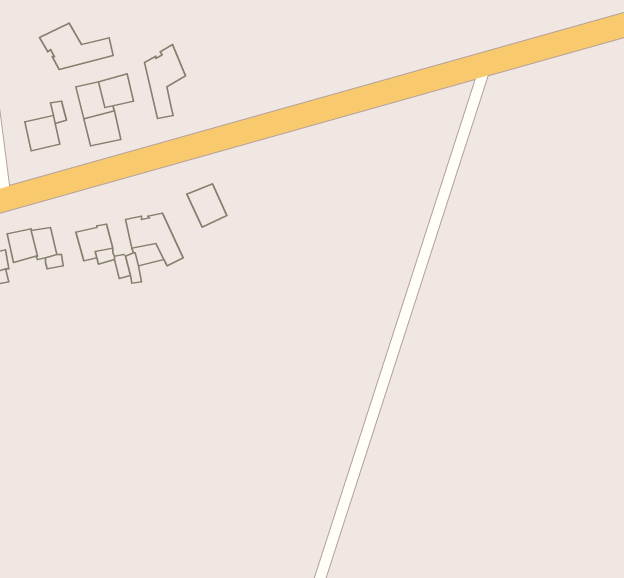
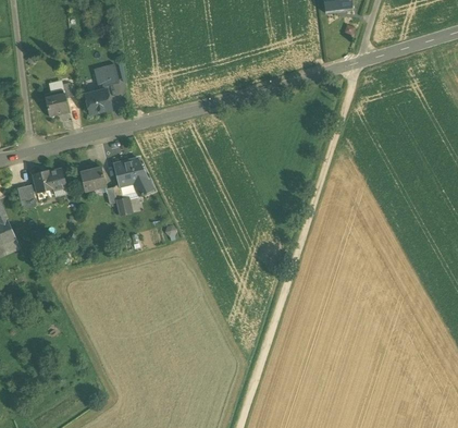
building: [39,23,113,70] -> none
building: [145,44,186,118] -> none
building: [187,184,227,227] -> none

